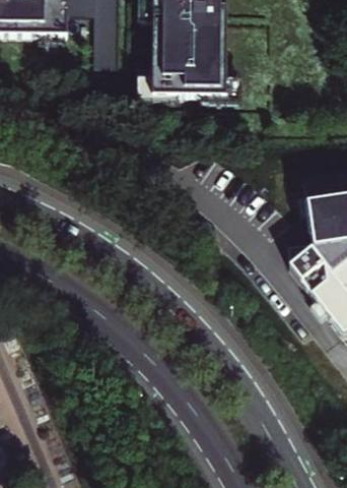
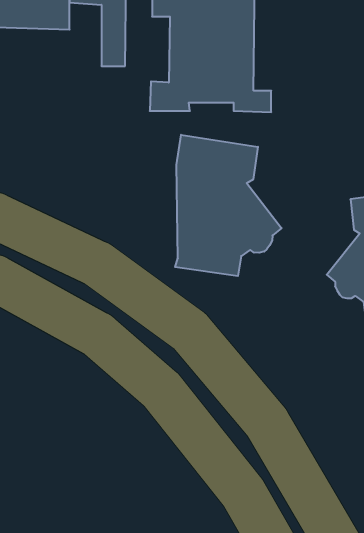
building: none -> [175,135,282,276]

